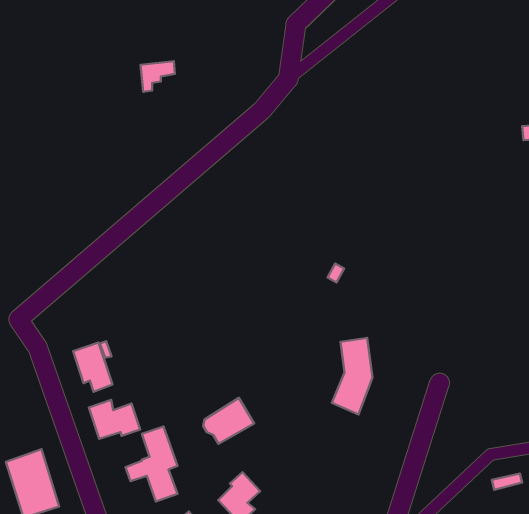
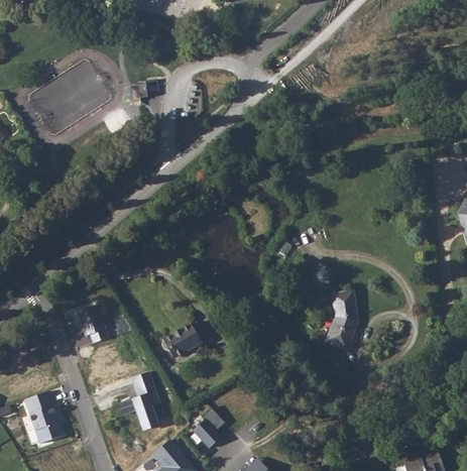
building: [332,338,372,414] -> [325,290,357,351]
building: [203,398,254,444] -> [161,323,202,359]
building: [89,400,140,439] -> none

